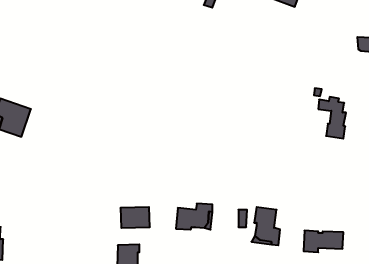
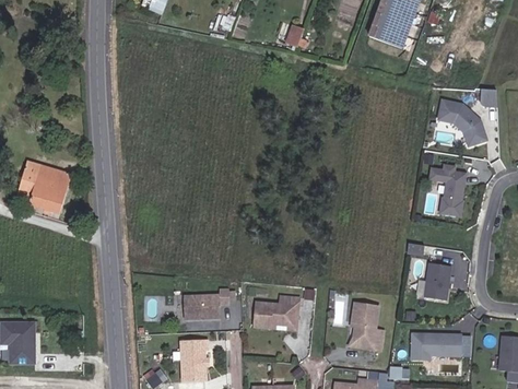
building: none -> [442,99,488,143]
building: none -> [425,260,452,298]

